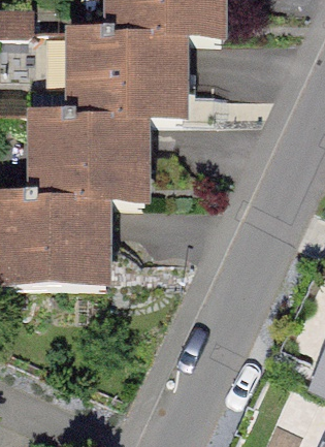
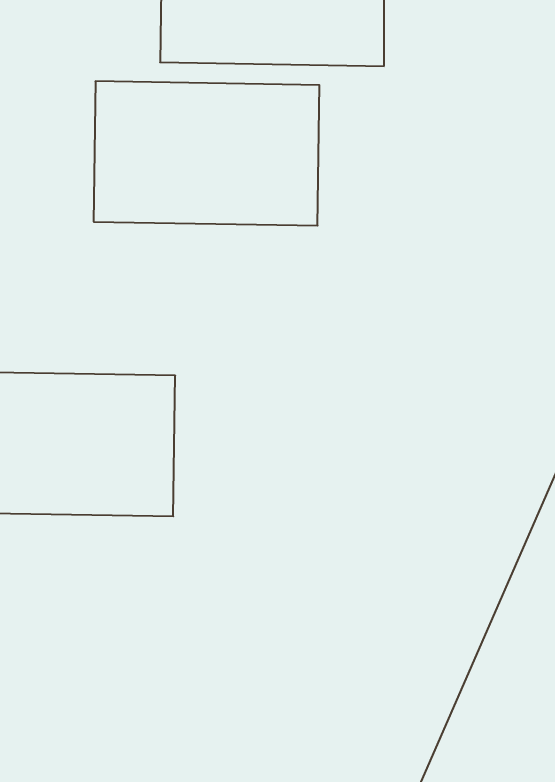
building: [28,135,151,214] -> none

